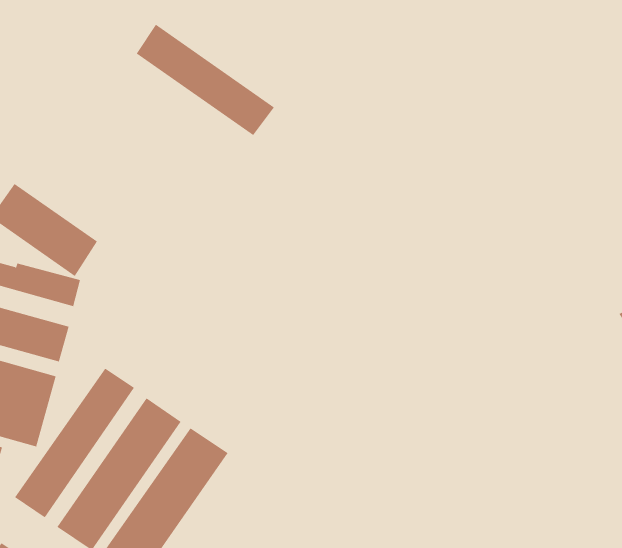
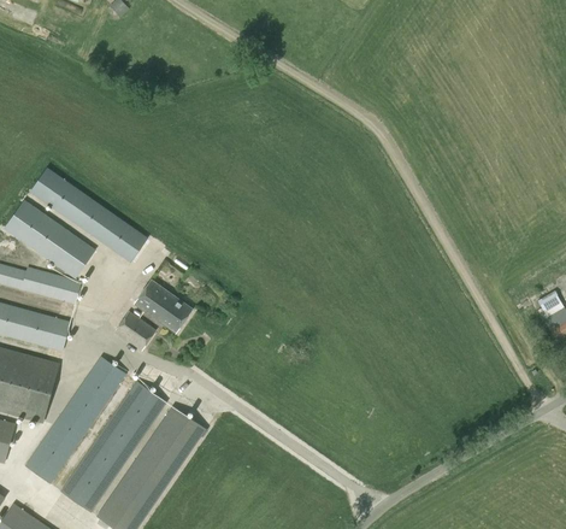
building: [136,24,275,136] -> [30,167,148,263]
building: none -> [135,281,191,333]
building: none -> [113,311,157,352]

